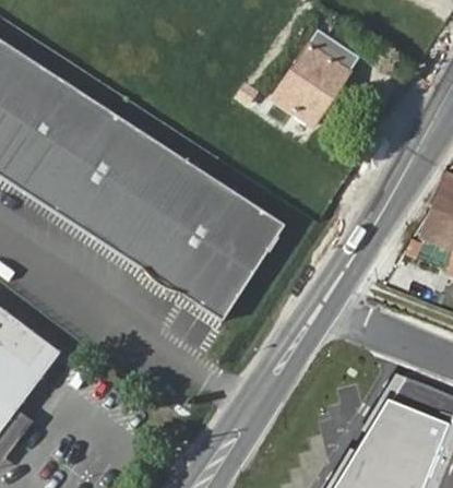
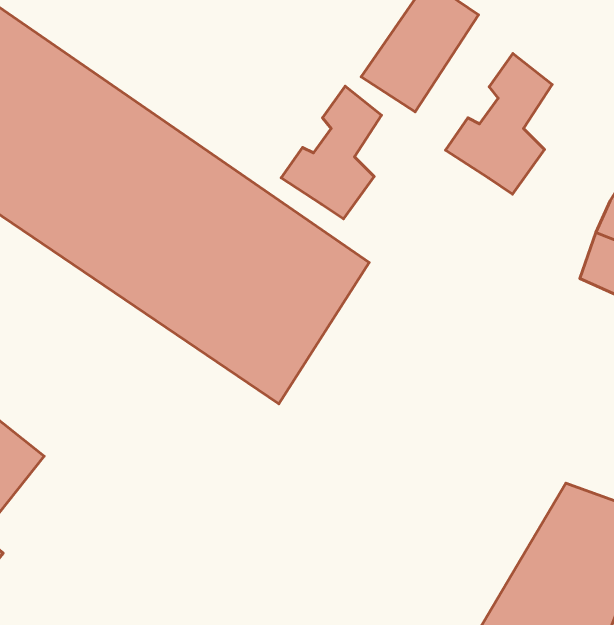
building: none -> [445,54,552,194]
building: none -> [281,86,382,219]

